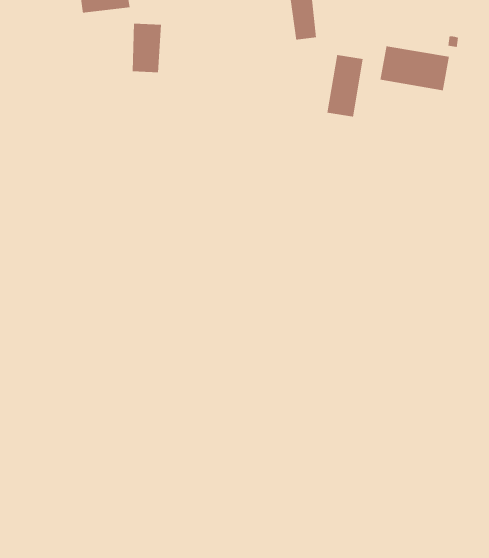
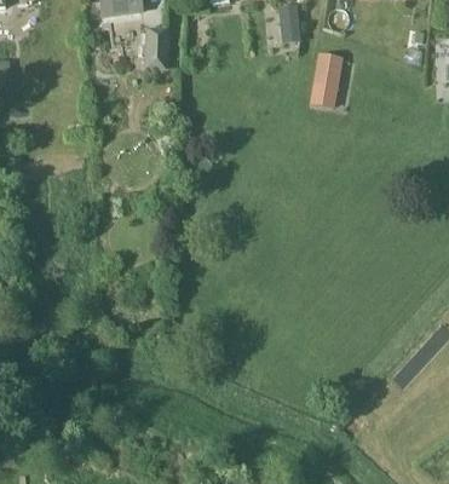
building: [380,45,450,91] -> none

